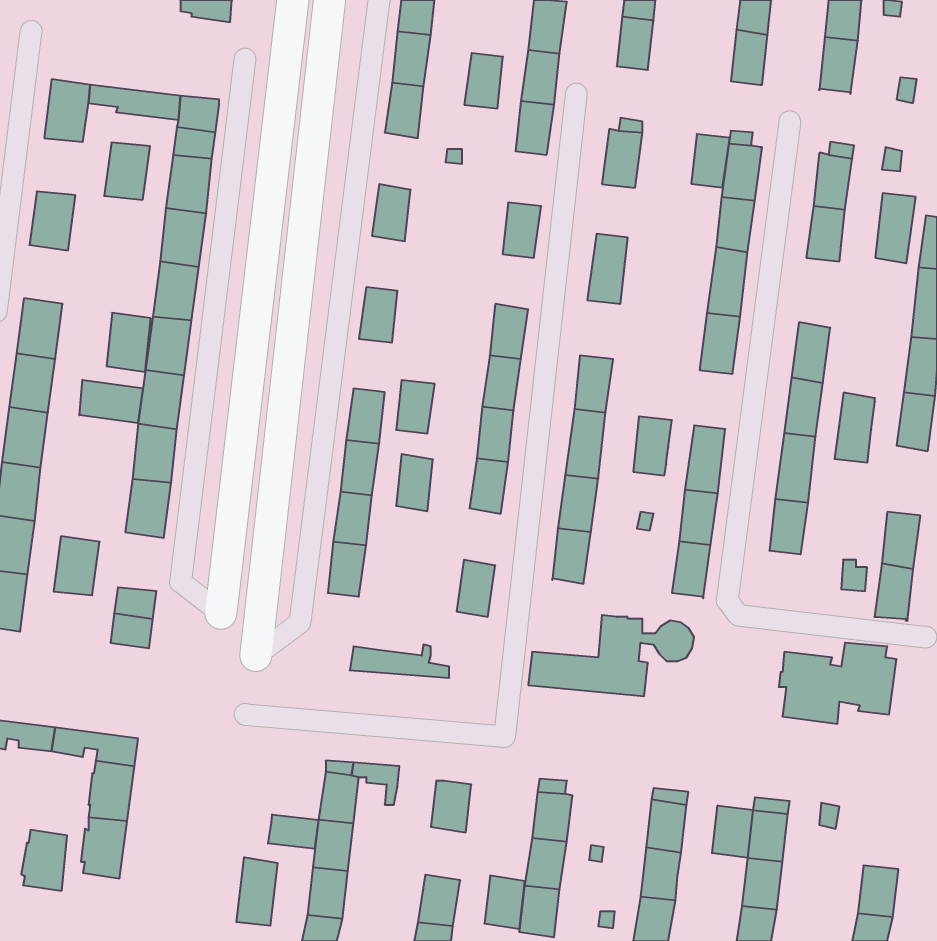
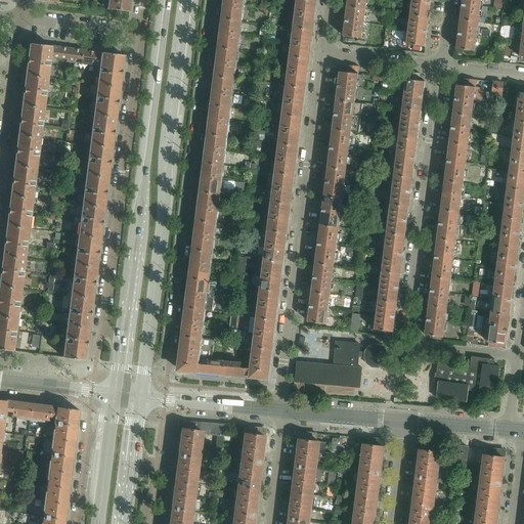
building: [464,53,503,108] -> [282,84,304,115]
building: none -> [211,74,232,105]
building: [691,134,730,187] -> [332,102,353,132]
building: [104,143,150,200] -> [20,77,46,108]
building: [875,193,916,263] -> [444,143,467,182]
building: none -> [204,131,225,162]
building: none -> [275,141,297,172]
building: none -> [322,167,345,200]
building: [107,313,151,372] -> [13,136,38,169]
building: [79,380,143,423] -> none
building: [396,380,435,434] -> [196,188,218,218]
building: [834,393,875,462] -> [493,248,516,287]
building: [633,416,672,475] -> [386,206,407,238]
building: [396,454,433,511] -> [258,282,278,314]
building: [54,536,100,595] -> [66,296,91,329]
building: none -> [424,306,445,338]
building: none -> [177,330,213,373]
building: none -> [250,340,271,379]
building: [712,805,753,858] -> none
building: [268,814,318,849] -> none
building: none -> [480,455,503,483]
building: [21,830,67,891] -> [41,485,67,519]
building: [237,857,277,926] -> none
building: [484,876,525,929] -> [236,460,259,489]

